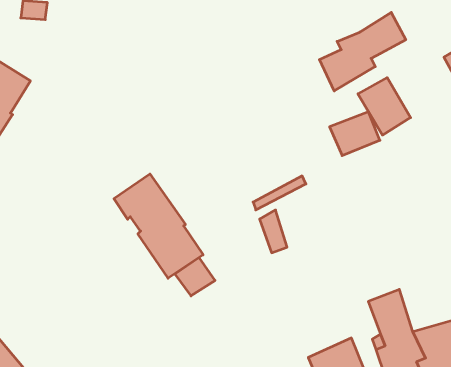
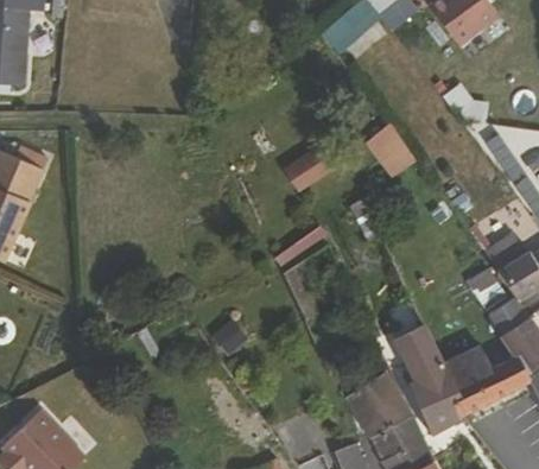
building: [319,12,406,91] -> none
building: [330,112,380,156] -> [279,145,329,190]
building: [114,174,203,278] -> none

